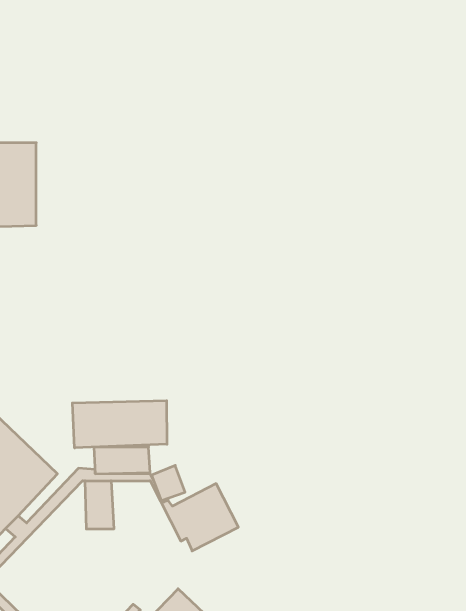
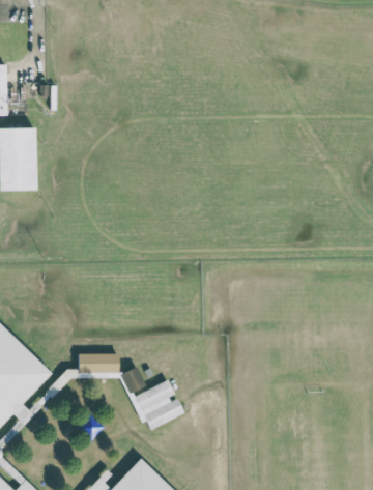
building: [72,401,167,448] -> none
building: [85,481,114,529] -> none

